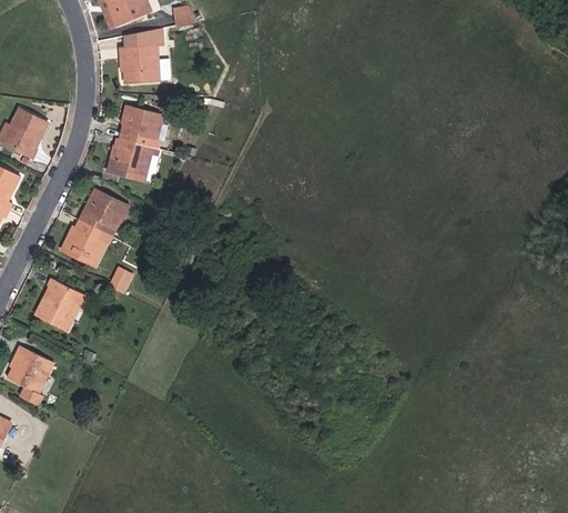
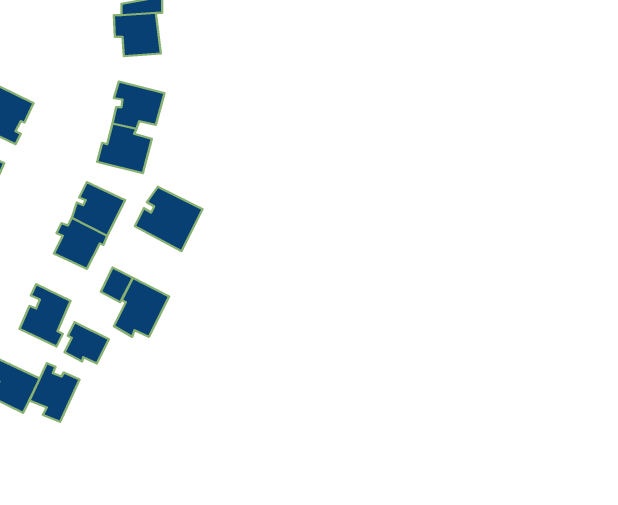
building: none -> [135,187,202,251]
building: none -> [114,278,169,337]
building: none -> [65,322,109,364]
building: none -> [30,363,79,422]

